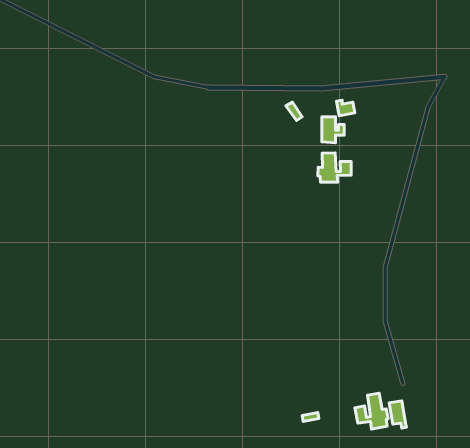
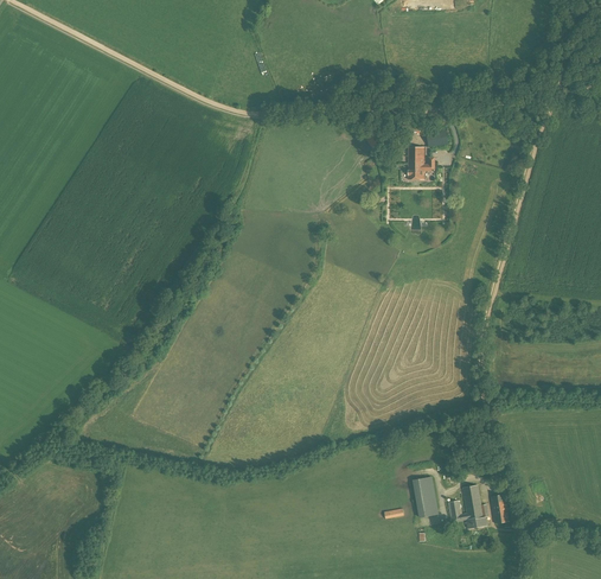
building: [318,153,351,182] -> none
building: none -> [411,476,437,516]

